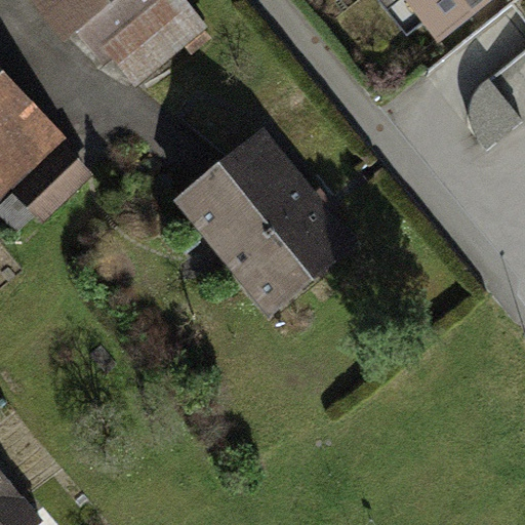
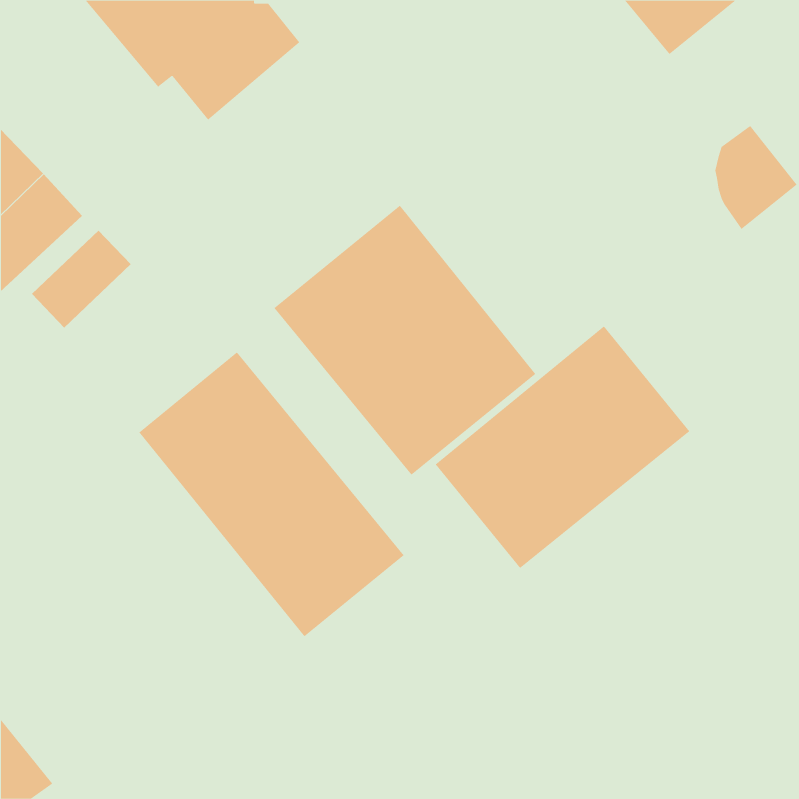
building: none -> [435,325,690,569]
building: none -> [138,351,405,637]

